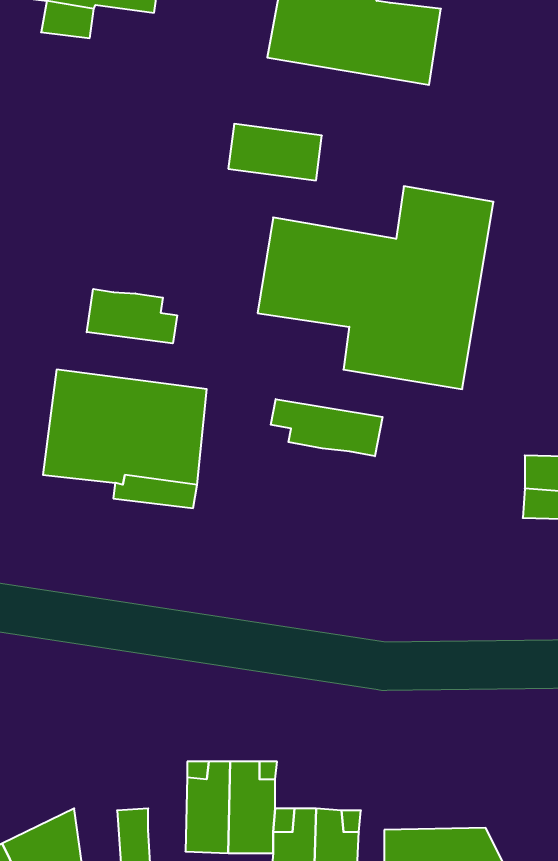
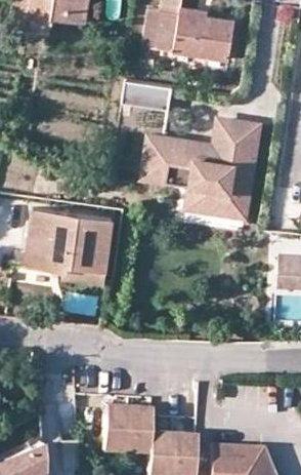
building: [87,289,177,343] -> none
building: [271,399,383,456] -> none

